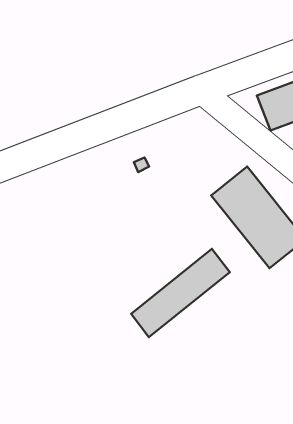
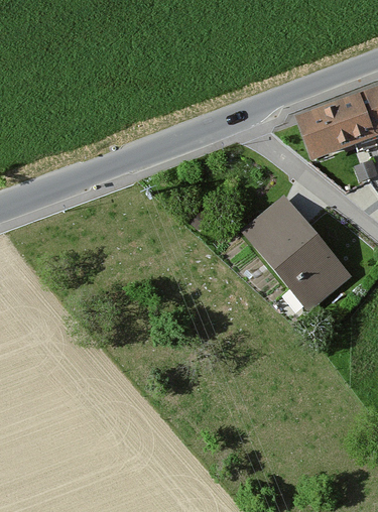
building: [131,249,230,337] -> none

